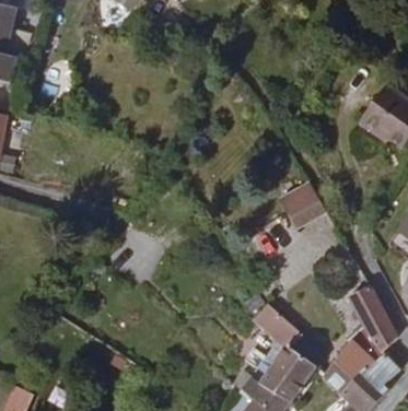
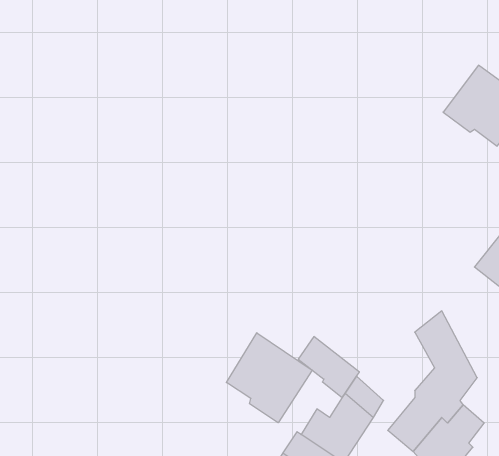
building: [277,177,323,223] -> none
building: none -> [226,333,312,423]

